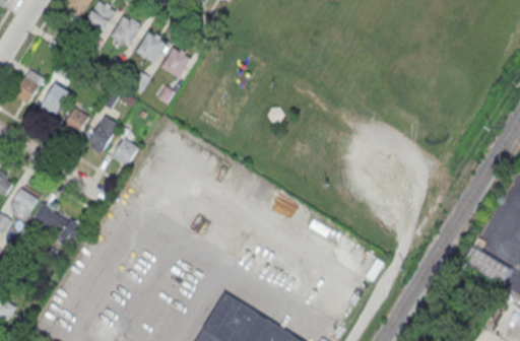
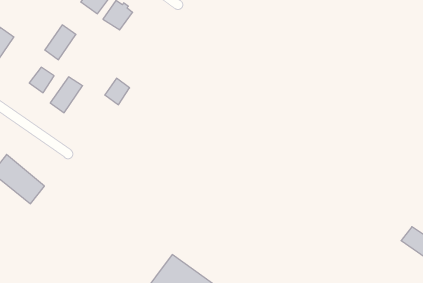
building: [160,48,190,79] -> none
building: [39,83,70,120] -> [45,25,76,60]
building: [112,138,137,165] -> [105,78,130,105]

